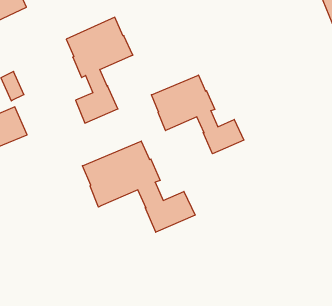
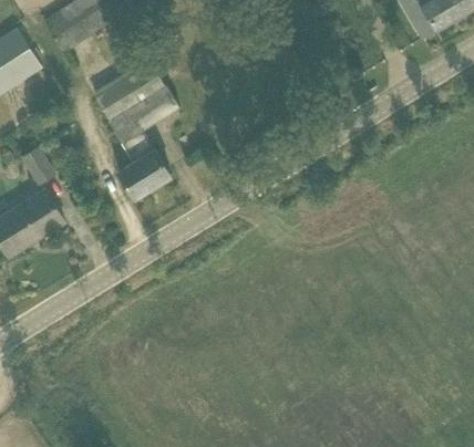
building: [151,75,244,154] -> none
building: [82,141,195,232] -> none

